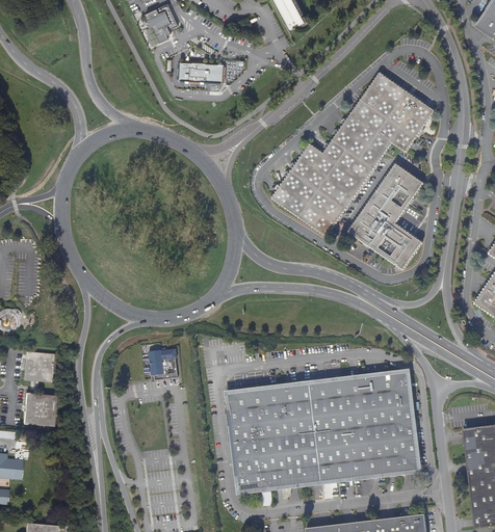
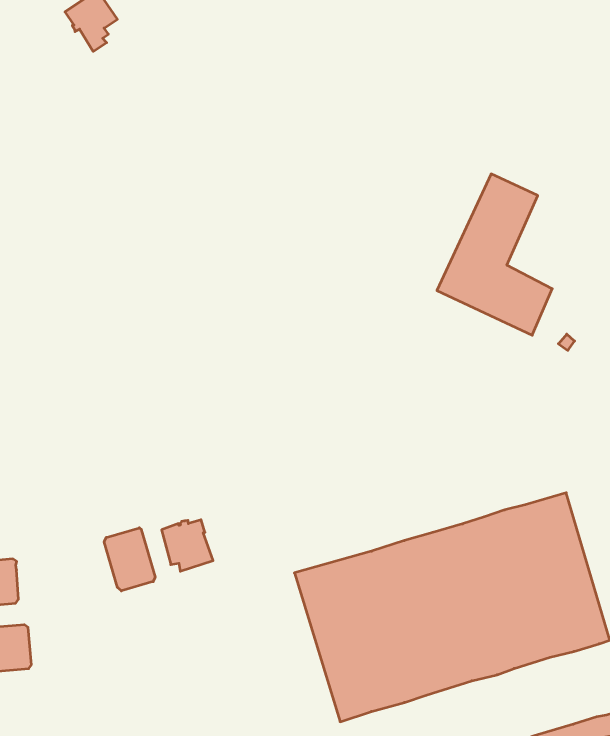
building: [178,62,224,83] -> none
building: [271,73,434,235] -> none
building: none -> [104,528,155,591]

